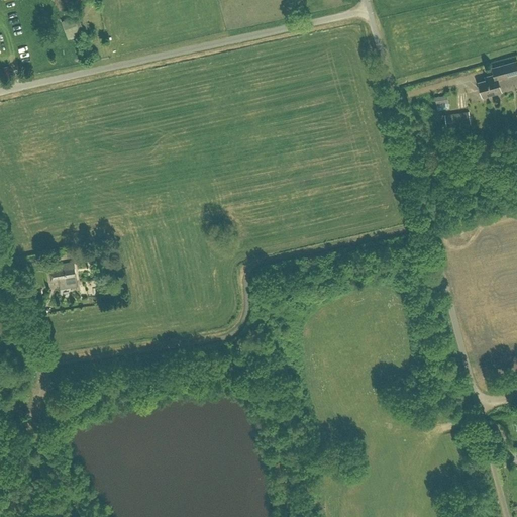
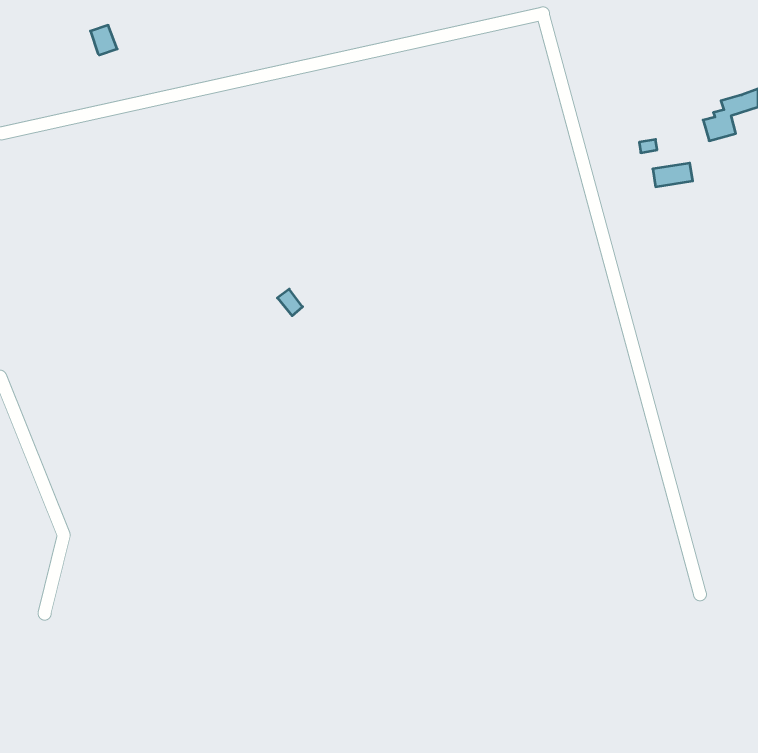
building: [50,265,78,289] -> none

